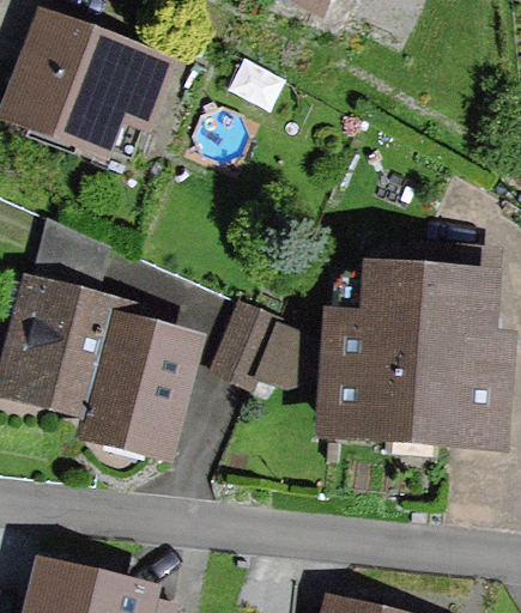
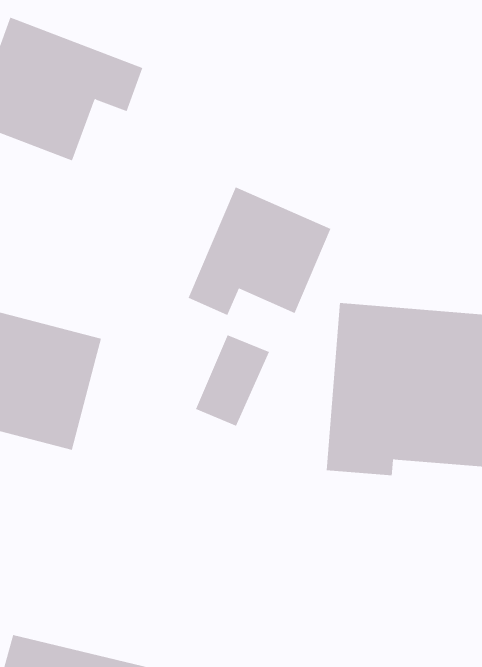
building: none -> [188,187,331,316]
building: [99,327,190,444] -> none

